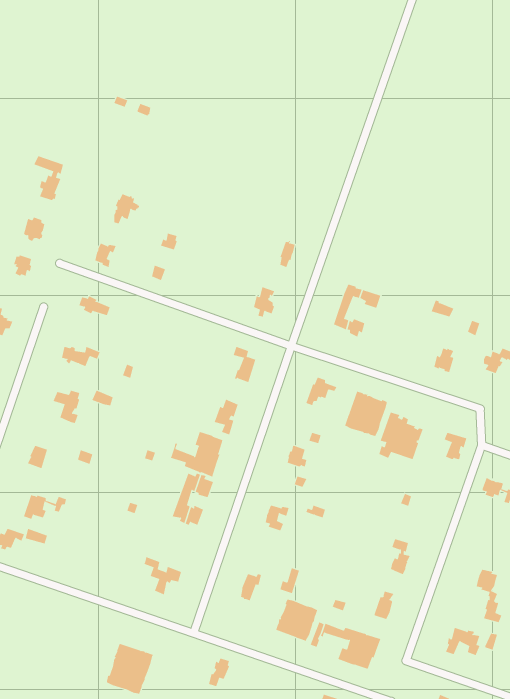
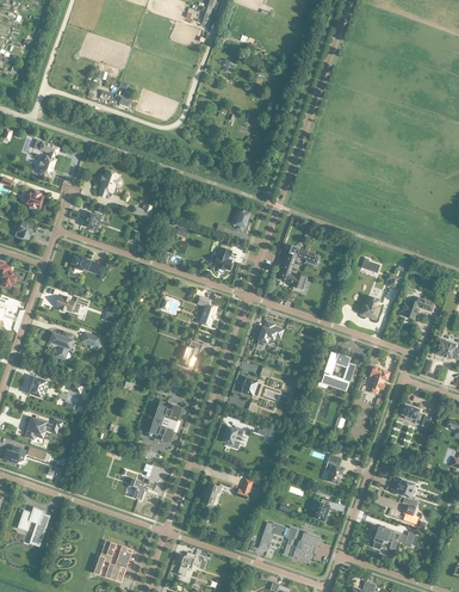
building: [344,391,387,437] -> none
building: [170,431,223,478] -> none
building: [276,599,318,642] -> none
building: none -> [18,507,48,544]

